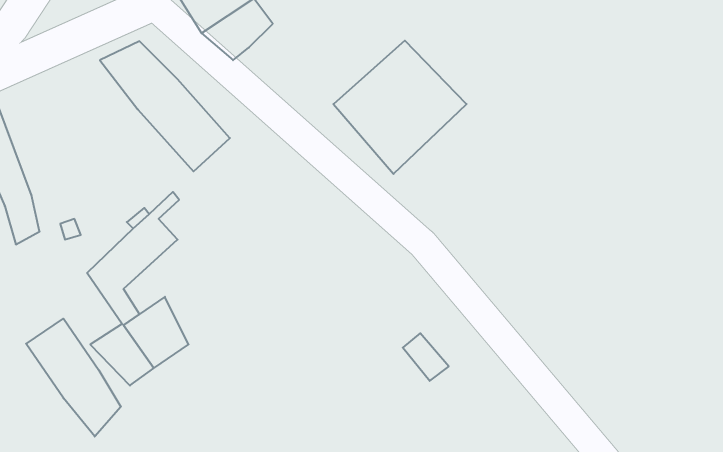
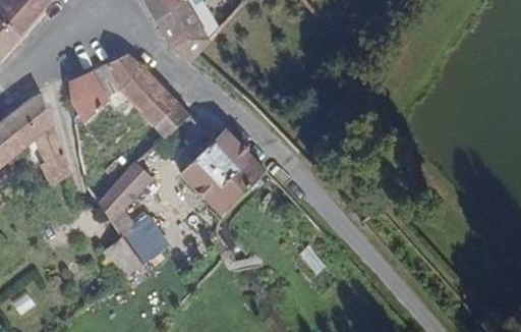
building: [333,41,467,174] -> [179,130,265,216]
building: none -> [71,69,112,124]
building: [26,319,121,437] -> none

